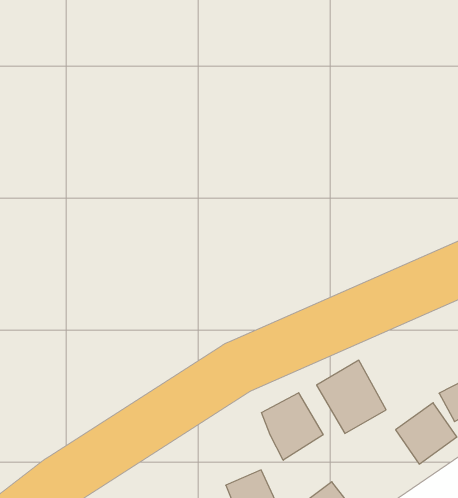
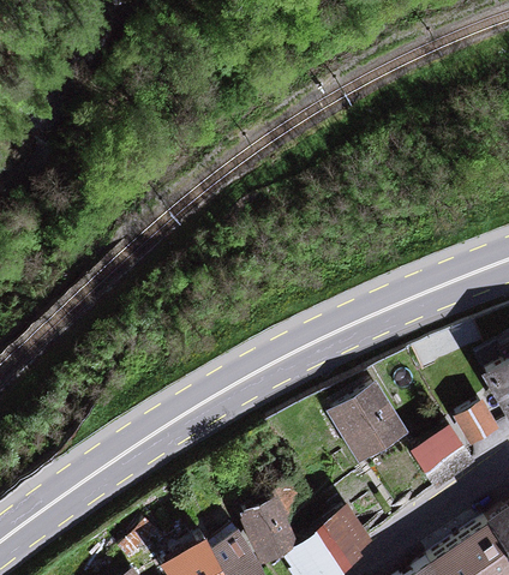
building: [261,393,323,460] -> none

